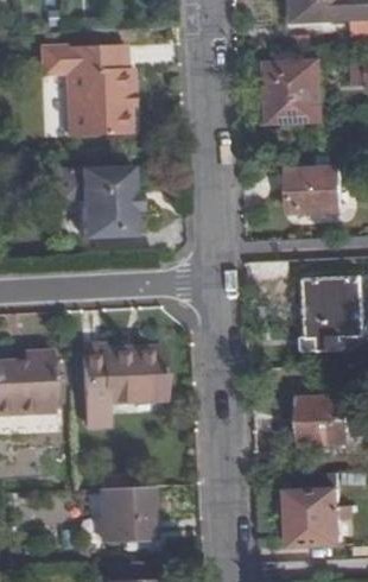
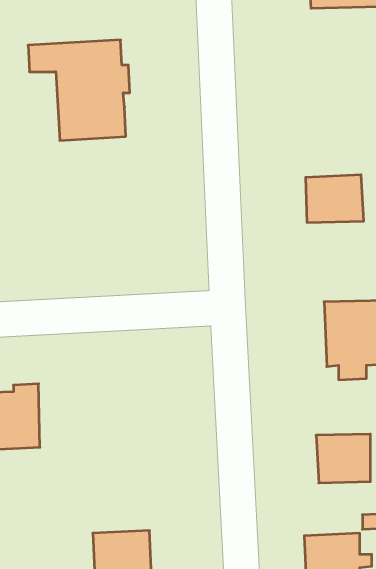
building: [266,63,321,119] -> none
building: [78,170,132,240] -> none
building: [82,348,164,425] -> none

